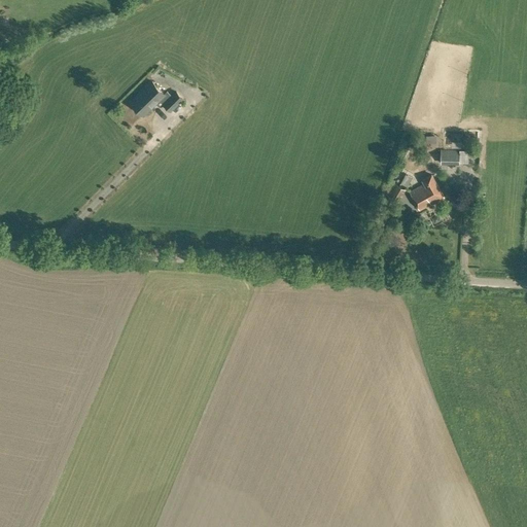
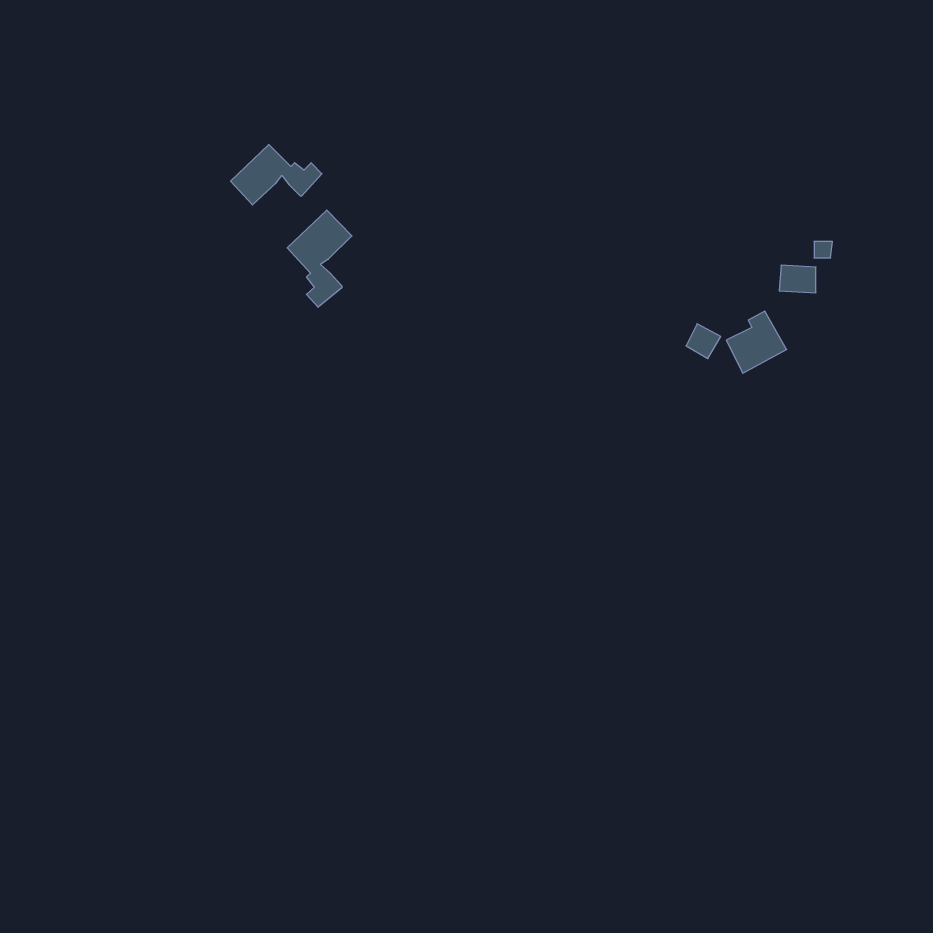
building: none -> [287,210,352,307]

